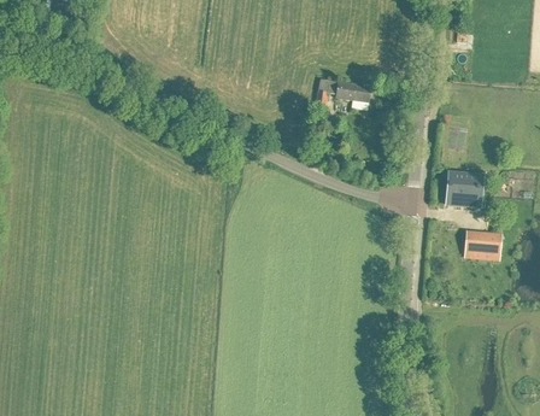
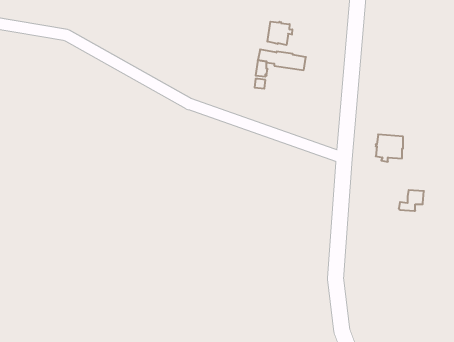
building: none -> [267,22,292,45]

